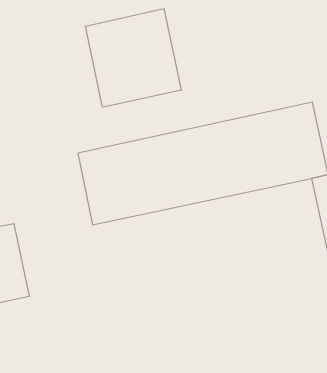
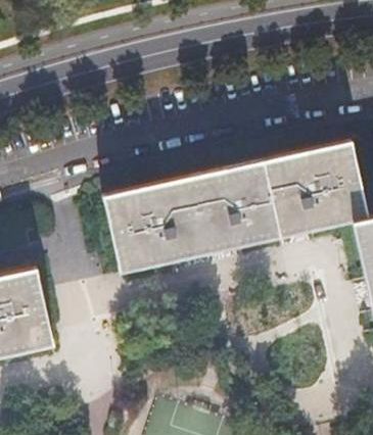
building: [85,9,181,107] -> none

